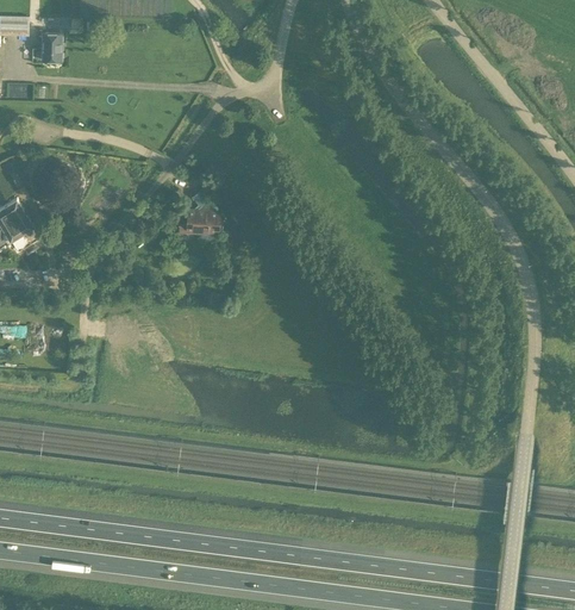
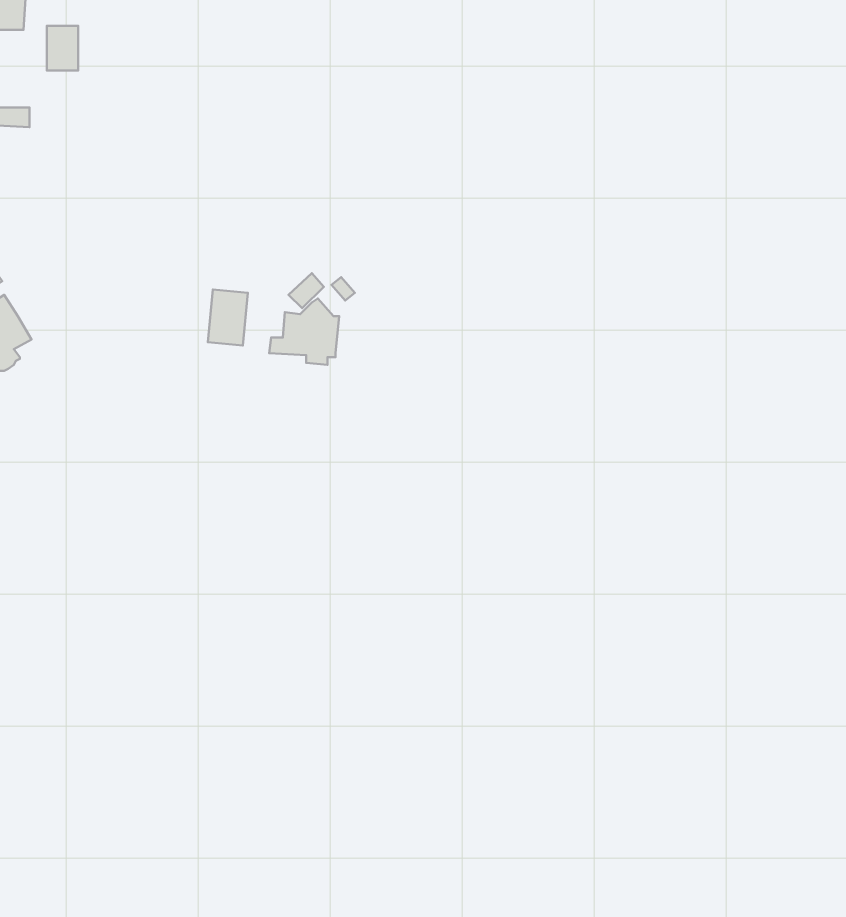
building: none -> [208,290,248,345]

